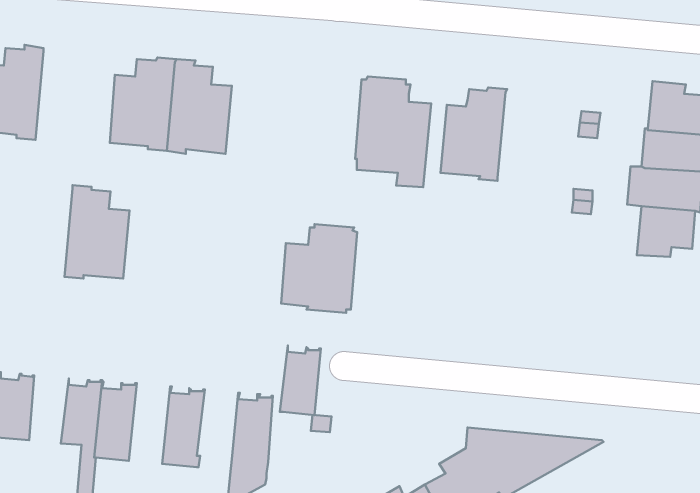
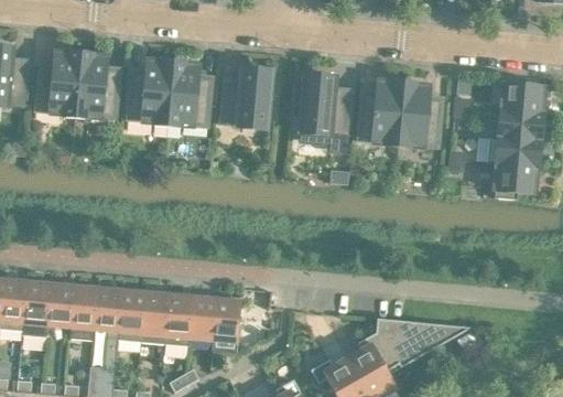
building: none -> [397,82,442,147]
building: [65,185,129,278] -> [75,53,120,118]
building: [281,224,357,313] -> [219,67,272,129]
building: [280,345,321,415] -> [187,291,216,340]
building: none -> [69,281,98,340]
building: none -> [140,287,169,343]

